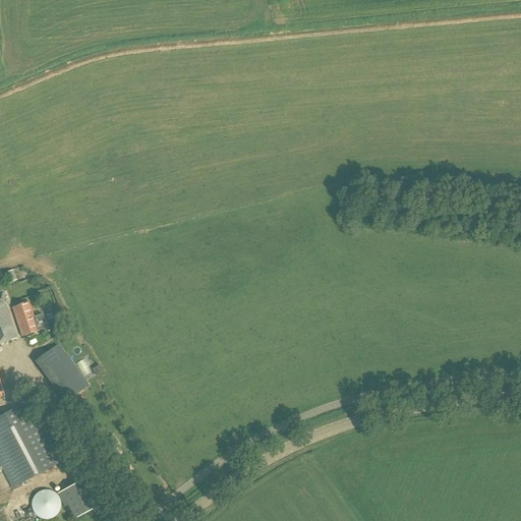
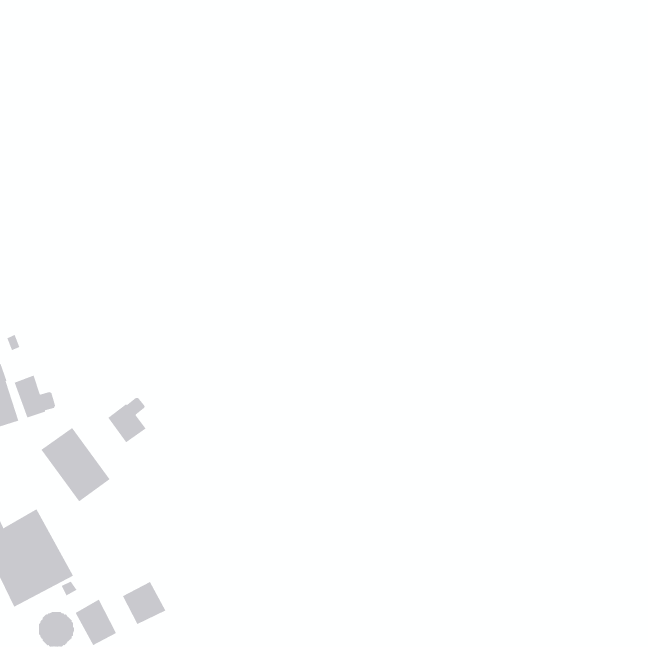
building: none -> [107,397,147,443]
building: none -> [122,581,166,625]

